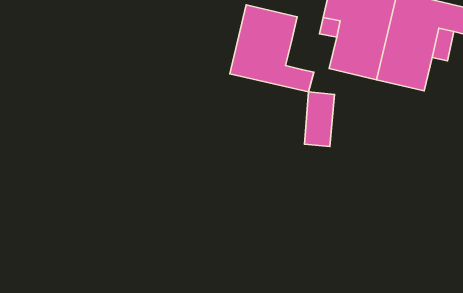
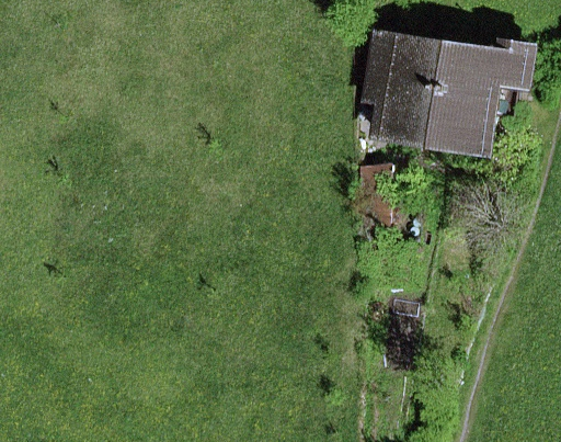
building: [230,5,314,92] -> none

